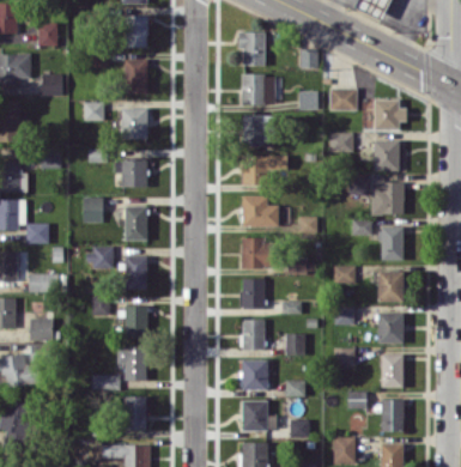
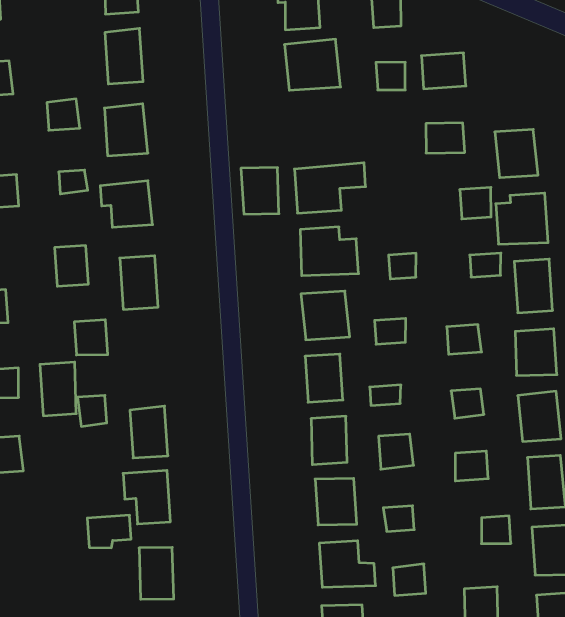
building: [374,99,407,131] -> none
building: [242,115,266,146] -> [241,168,279,214]
building: [125,256,147,290] -> [40,362,76,416]

